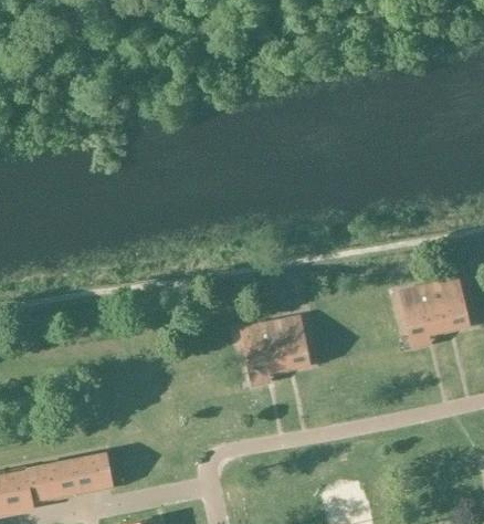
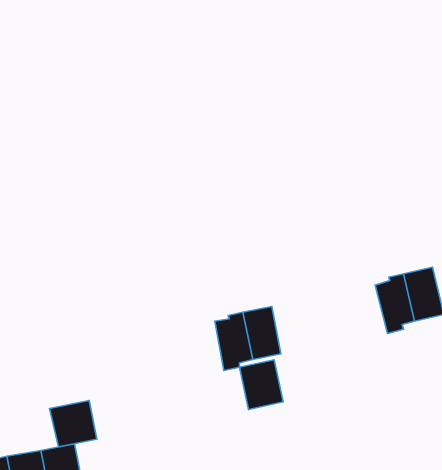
building: none -> [239,360,283,409]
building: none -> [49,400,97,447]

